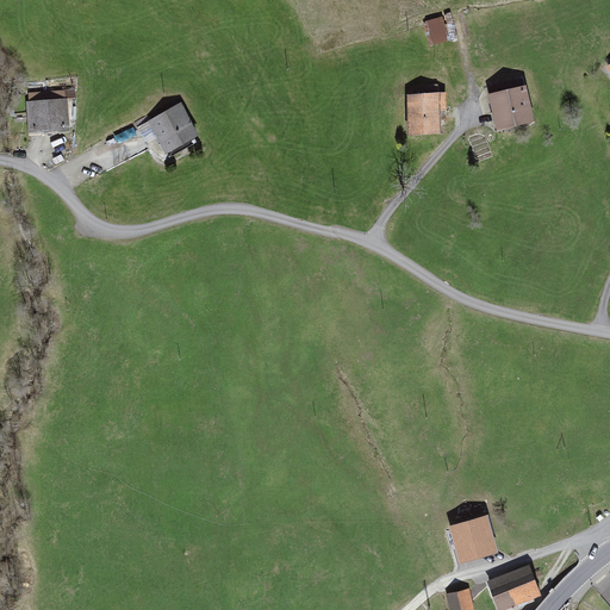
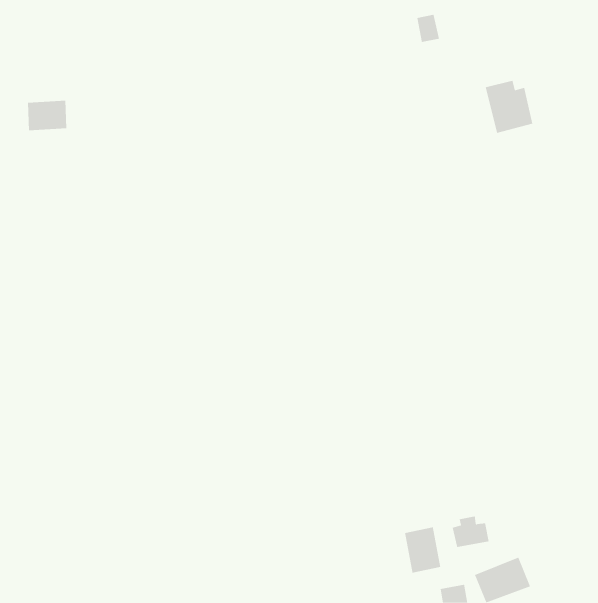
building: [407,93,448,138] -> none
building: [133,101,199,154] -> none
building: none -> [404,527,441,573]

